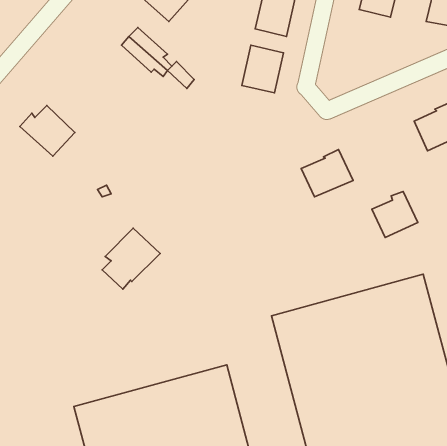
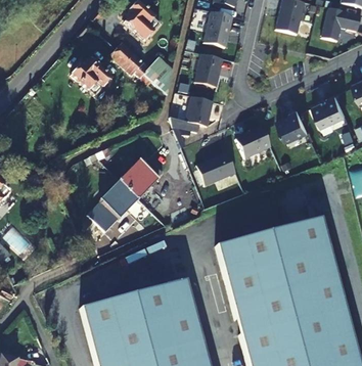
building: [20,106,75,156] -> [72,60,109,95]
building: none -> [185,99,213,129]
building: none -> [195,151,236,186]
building: [372,191,418,237] -> [277,111,309,143]
building: none -> [120,162,159,199]

